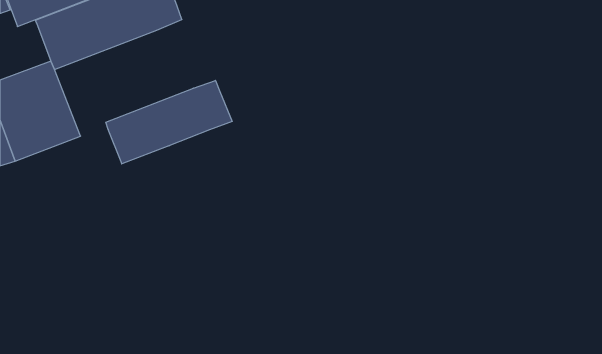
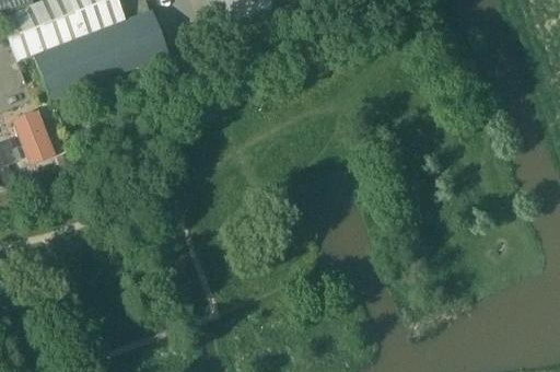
building: [106,80,232,164] -> none

